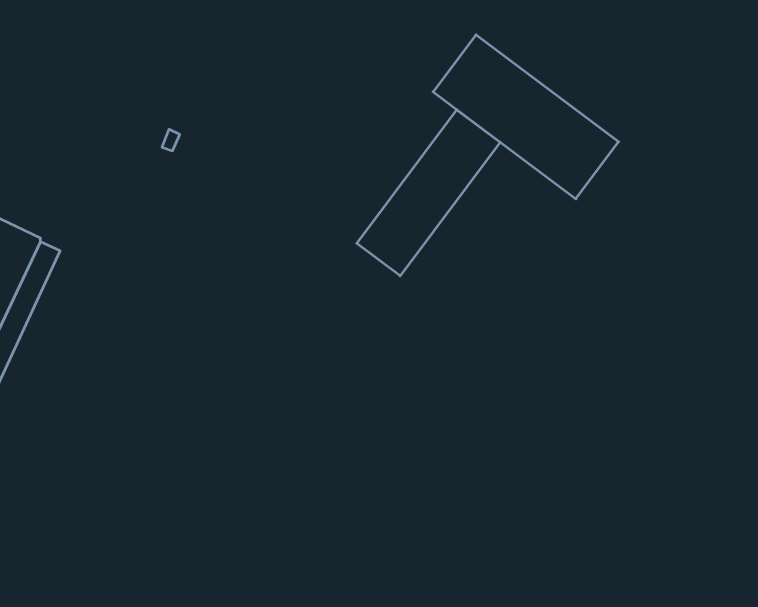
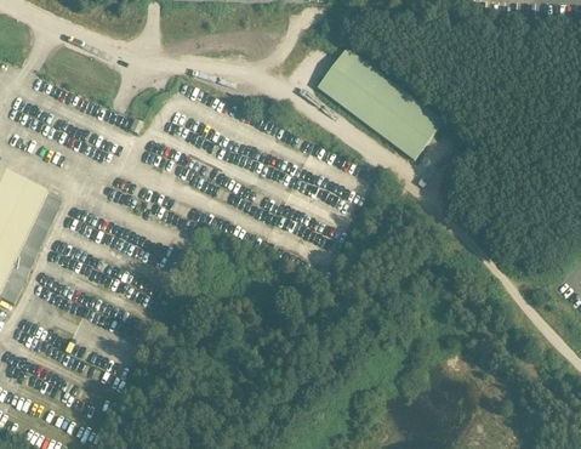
building: [357,110,500,276] -> none

